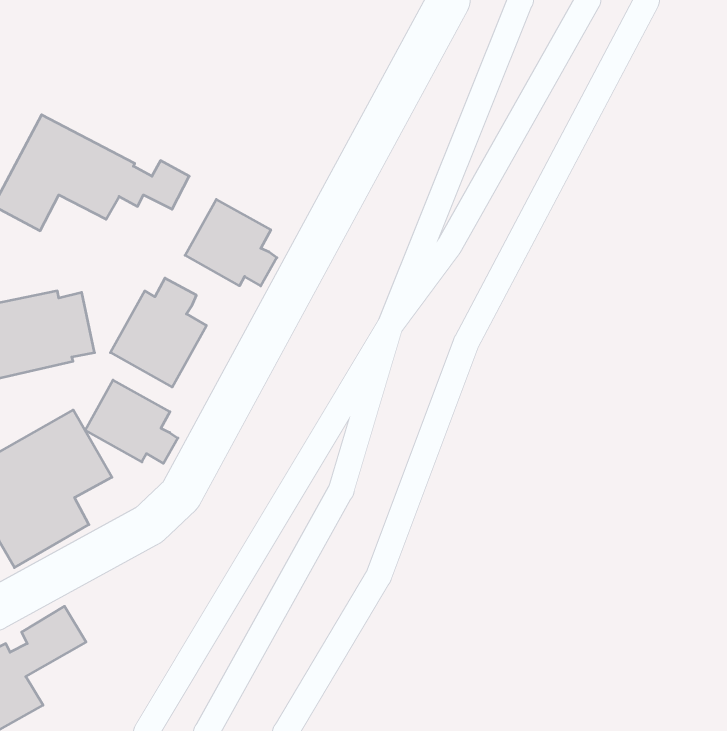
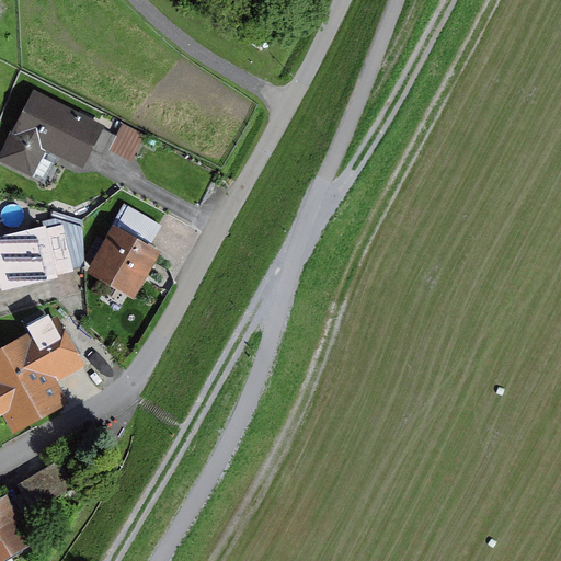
building: [185,199,277,286] -> none
building: [85,380,178,463] -> none

